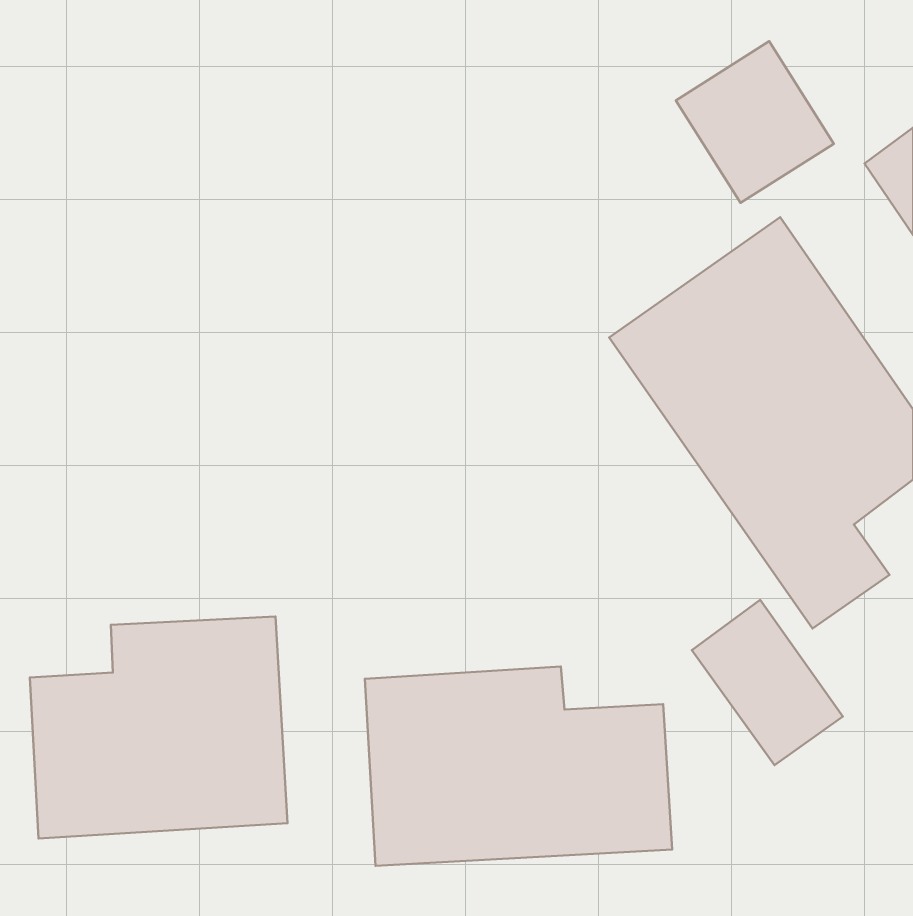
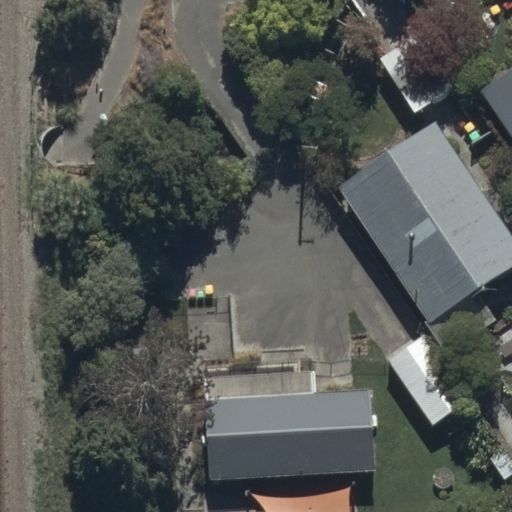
building: [30,617,287,839] -> none

